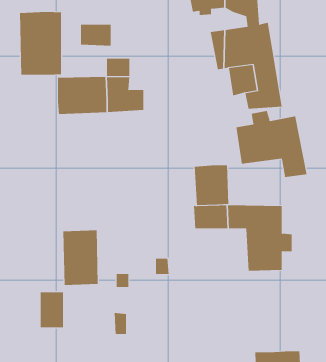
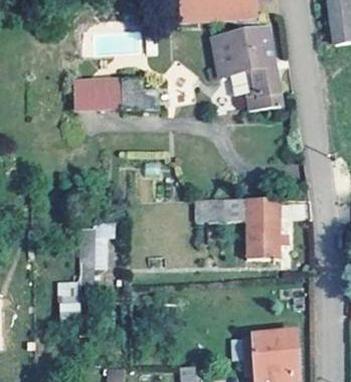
building: [20,11,61,75] -> none
building: [236,110,307,178] -> none
building: [194,165,229,206] -> none

